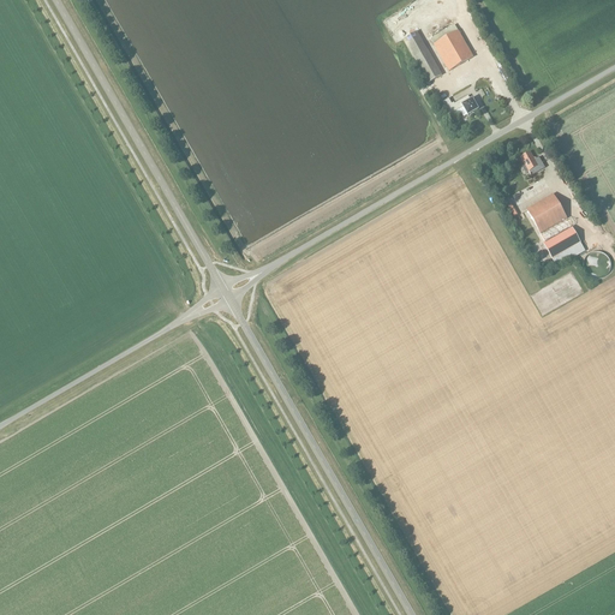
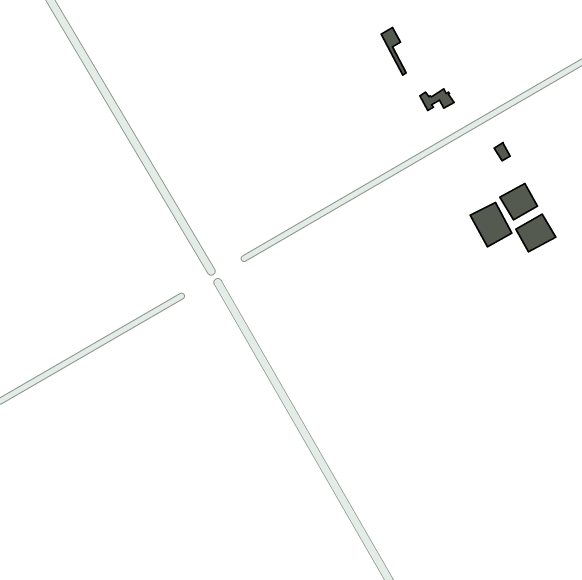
building: [431,28,471,67] -> none
building: none -> [470,203,512,247]

